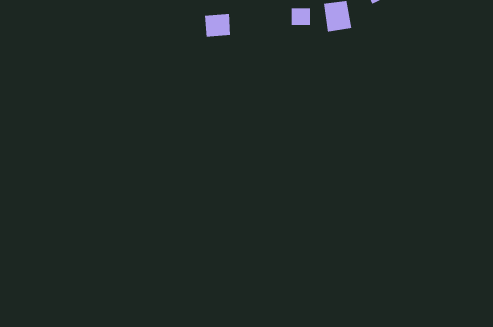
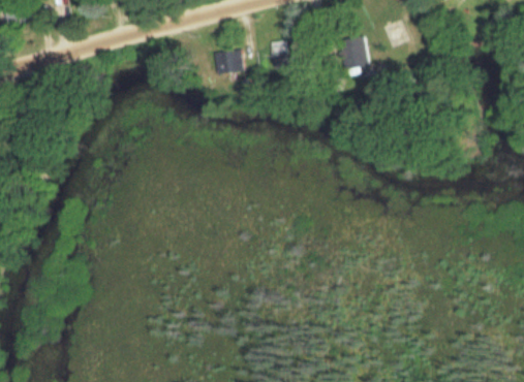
building: [291,8,311,26] -> [272,43,292,62]

